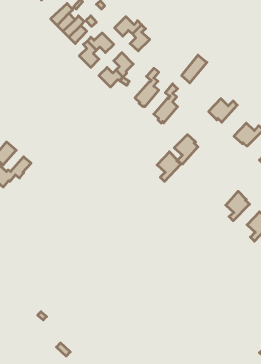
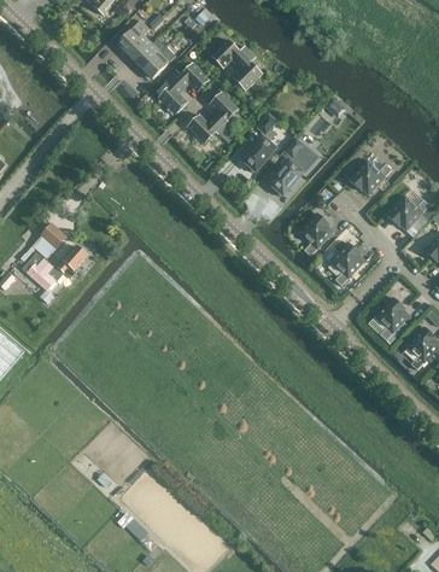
building: [157,152,181,181] -> [329,243,364,286]

